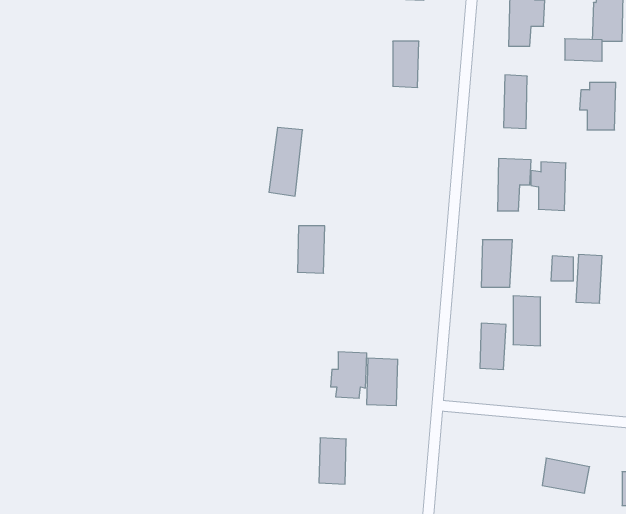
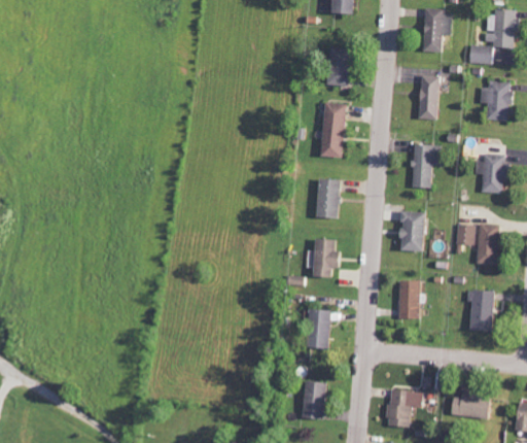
building: [269,127,303,196] -> [319,102,347,159]
building: [531,162,566,211] -> [477,154,505,194]
building: [297,226,325,273] -> [317,179,340,218]
building: [513,296,541,346] -> [470,289,493,331]
building: [331,352,367,398] -> [308,239,338,277]
building: [319,438,346,484] -> [303,381,325,419]
building: none -> [387,389,422,427]

